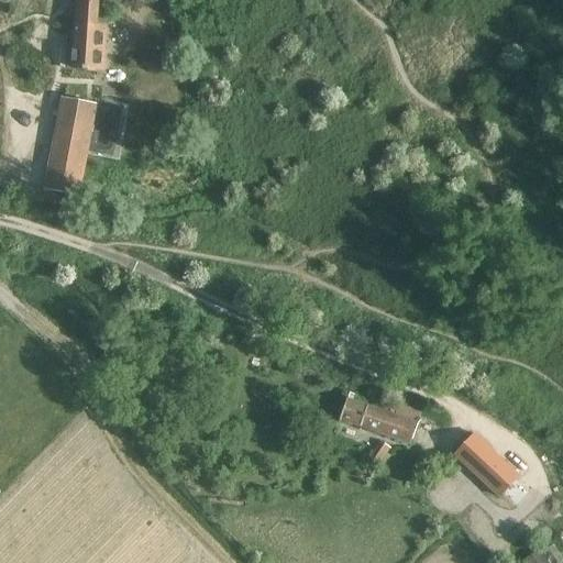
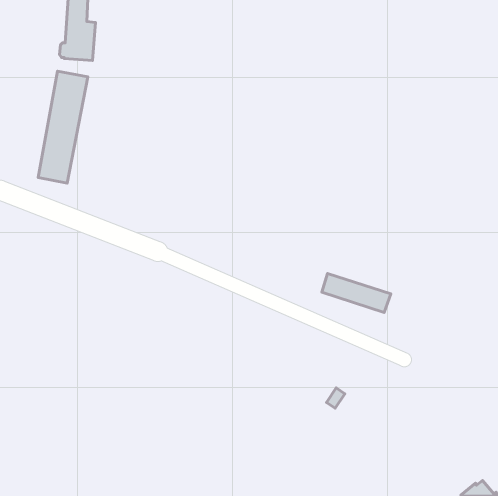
building: [339,397,417,441] -> [322,274,391,312]
building: [453,432,518,496] -> none

